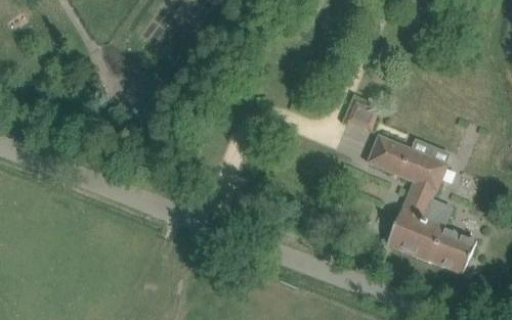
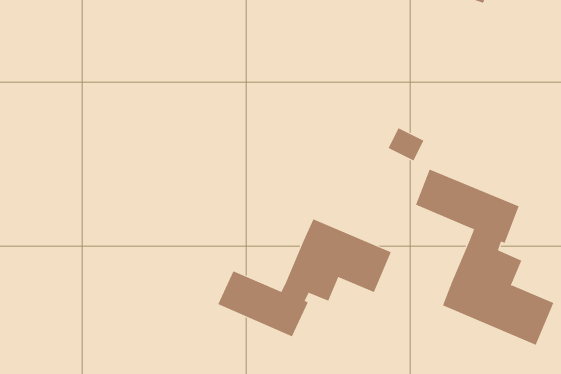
building: none -> [218,219,391,337]

